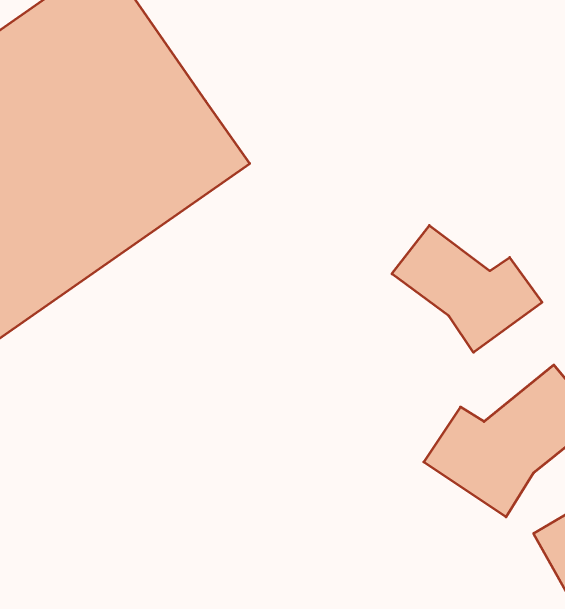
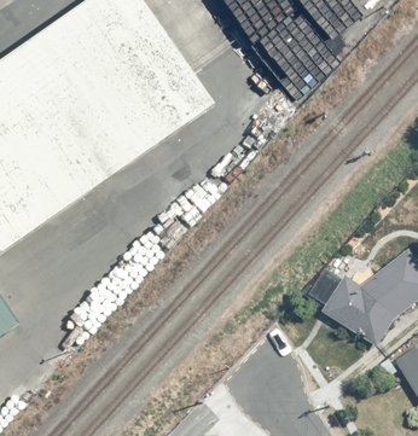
building: [392,225,542,352] -> none

